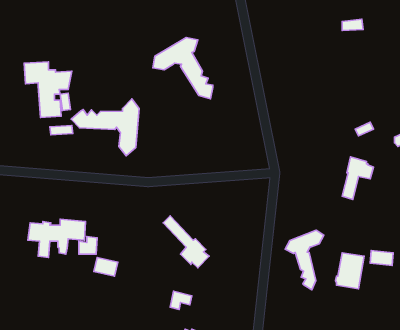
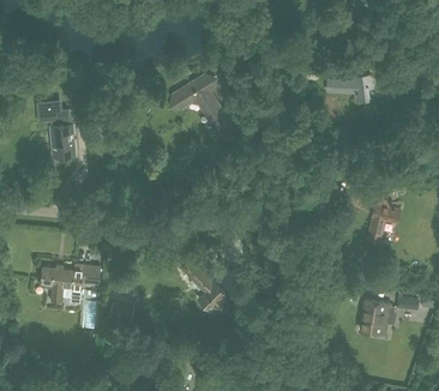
building: none -> [325,74,371,102]
building: [71,99,139,156] -> none
building: [285,230,324,290] -> none

